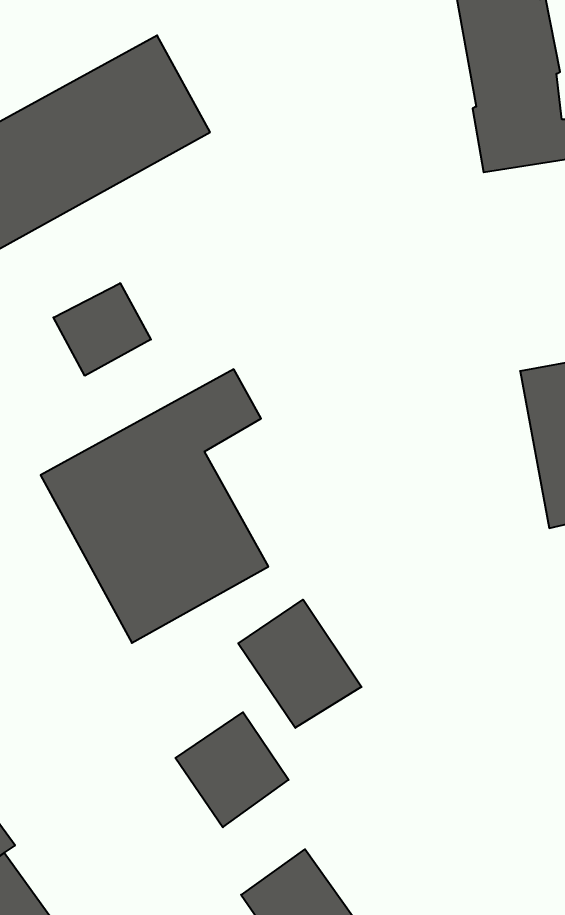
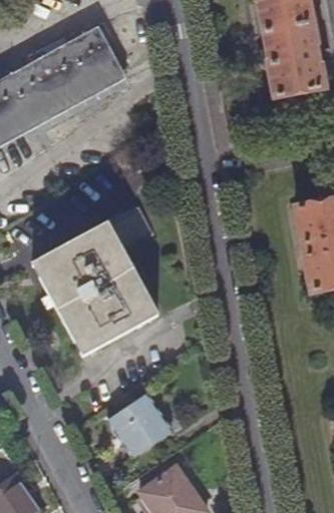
building: [53,283,151,376] -> none
building: [238,600,362,728] -> none

